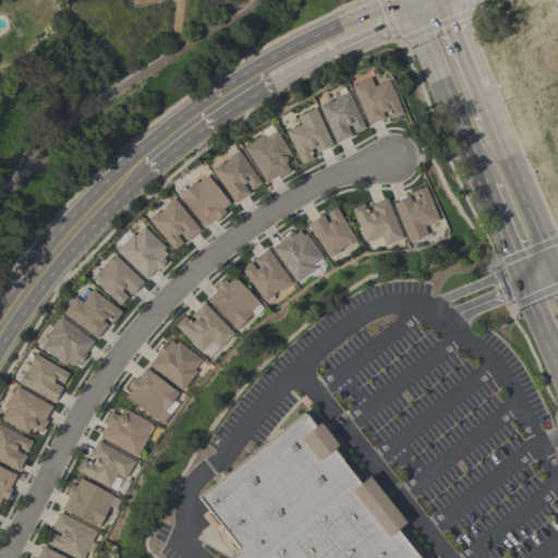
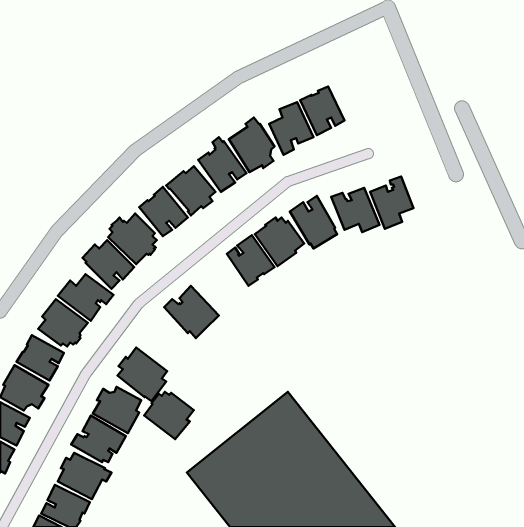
building: [353,77,404,124] -> none
building: [208,277,264,329] -> none
building: [150,340,203,390] -> [144,392,194,439]

